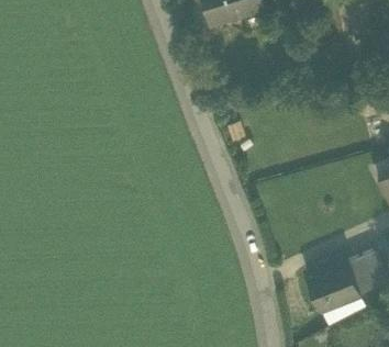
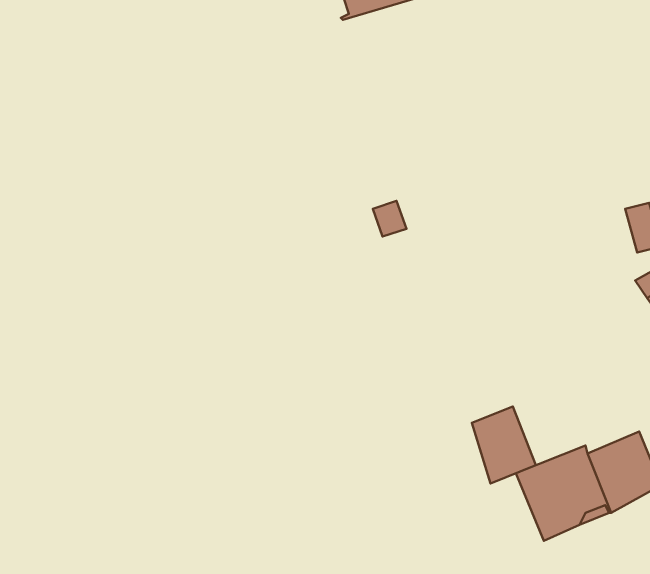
building: none -> [472,406,536,484]

